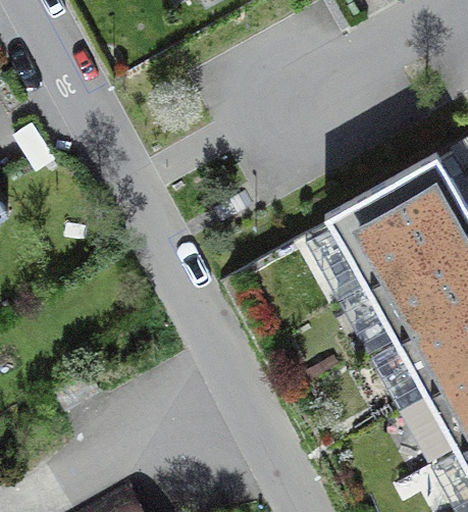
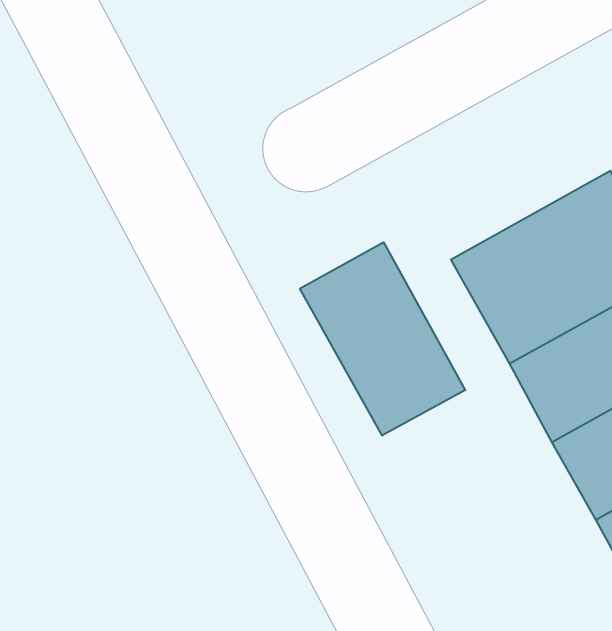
building: none -> [300,242,465,436]

